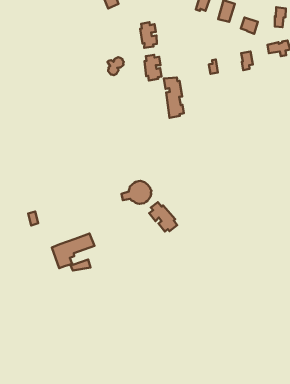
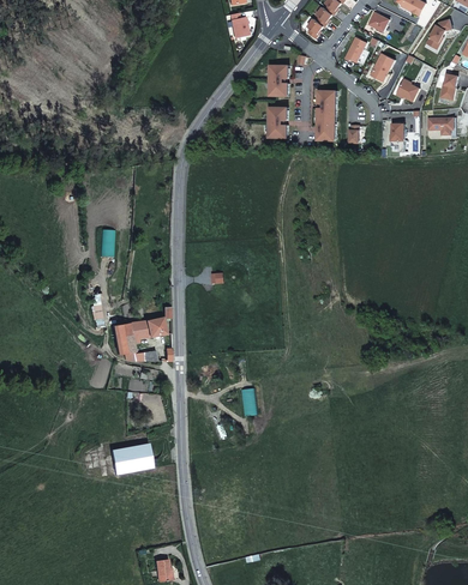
building: [164,77,184,118] -> [316,90,336,140]
building: [149,202,177,232] -> none
building: none -> [108,442,150,475]

